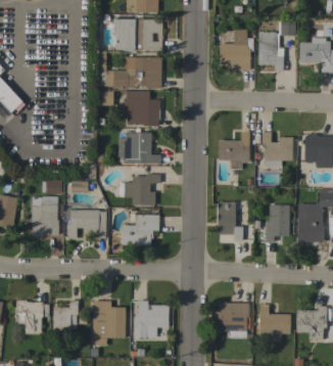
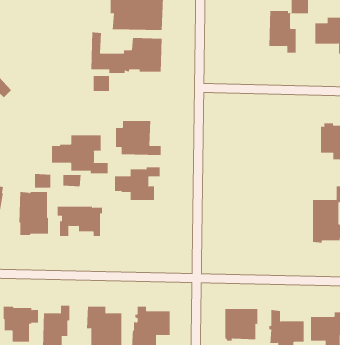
building: [219,37,253,70] -> none
building: [123,90,159,126] -> none
building: [218,131,249,169] -> none
building: [261,132,292,167] -> none
building: none -> [51,134,108,174]
building: [218,201,242,241] -> none
building: [265,204,289,241] -> none
building: [122,214,158,245] -> none

